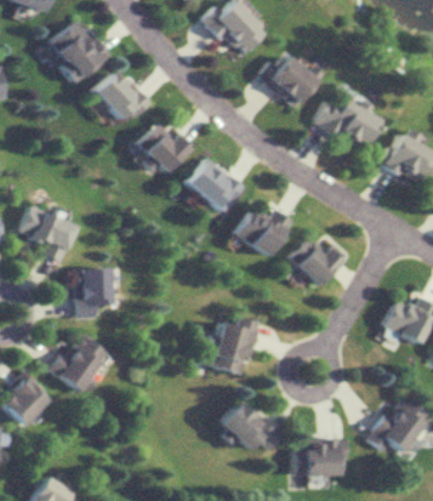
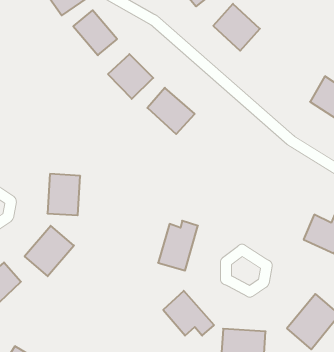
building: [312,93,380,152] -> none
building: [234,201,290,256] -> none
building: [21,206,76,262] -> none
building: [290,239,347,285] -> none

